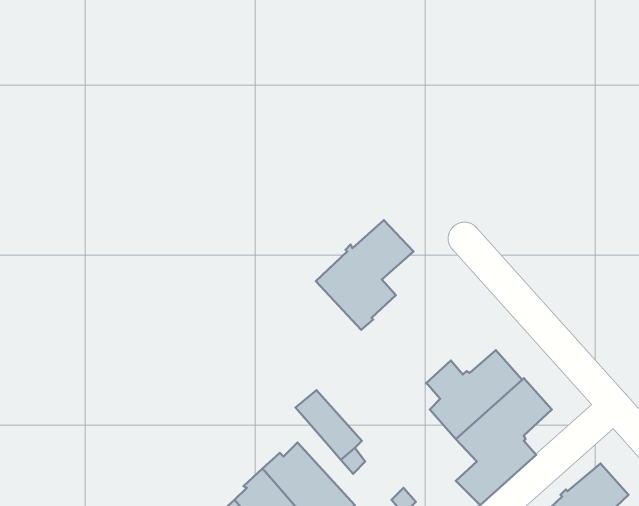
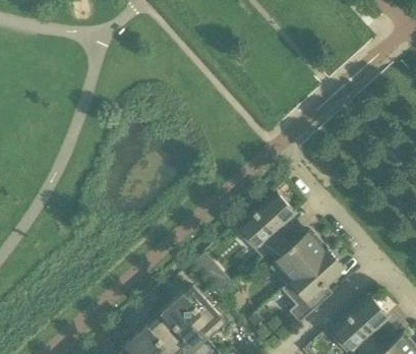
building: [316,220,413,330] -> [236,194,293,258]

